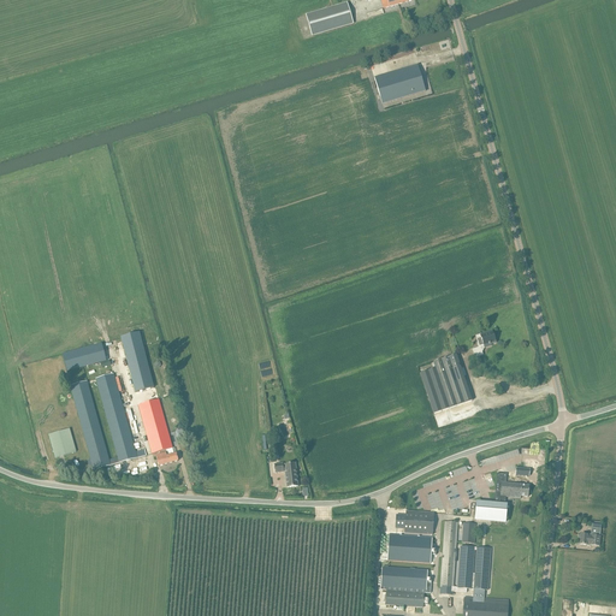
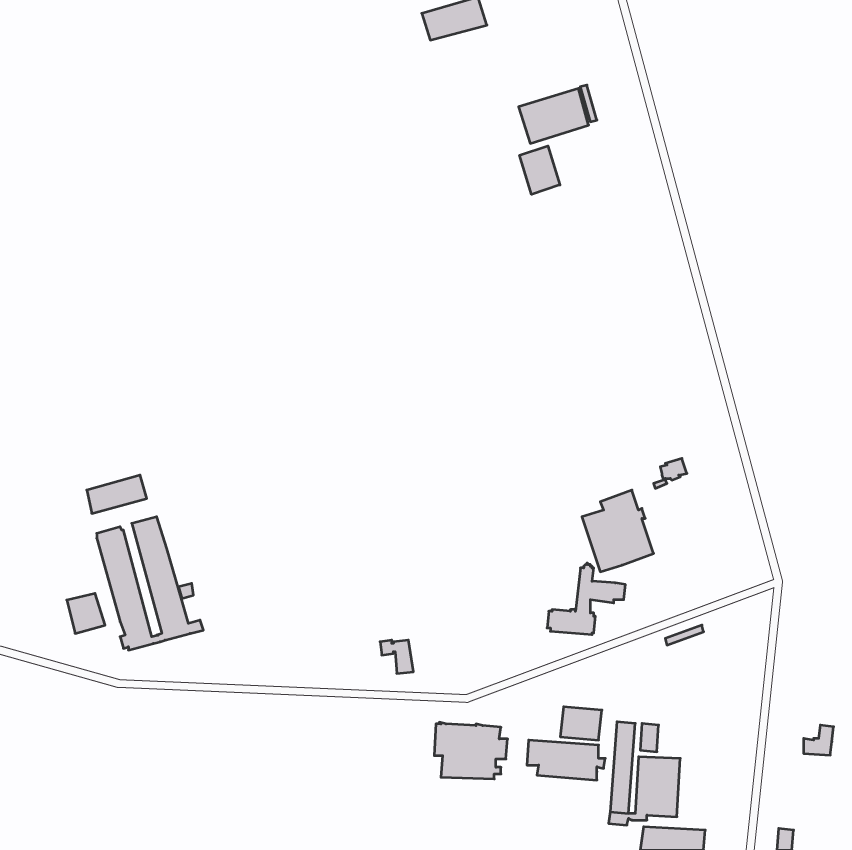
building: none -> [520,146,560,194]
building: [120,332,153,392] -> none
building: [138,398,178,466] -> none
building: [473,469,529,521] -> [547,563,625,635]
building: [378,565,431,606] -> [434,722,508,779]

